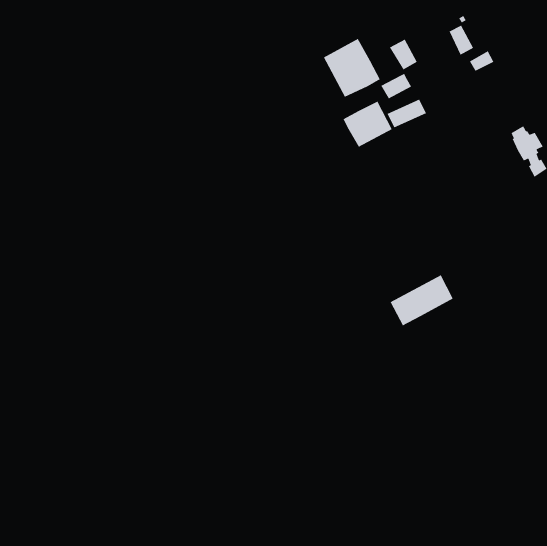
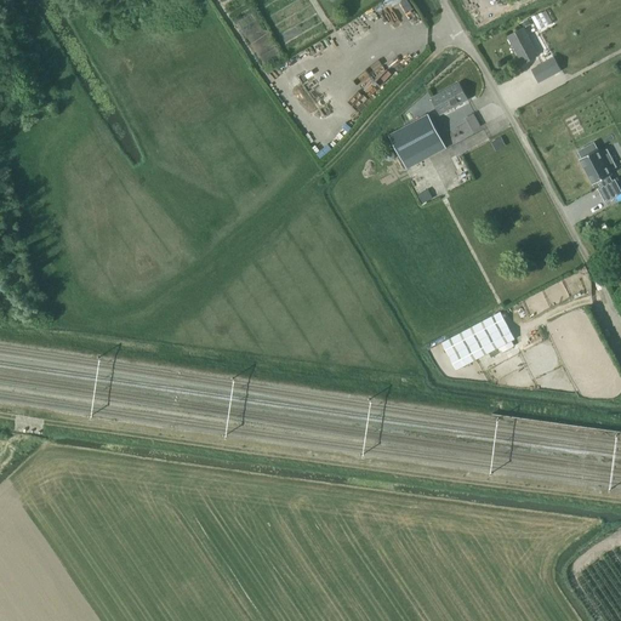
building: [323,38,381,98] -> none
building: [389,38,418,71] -> none

